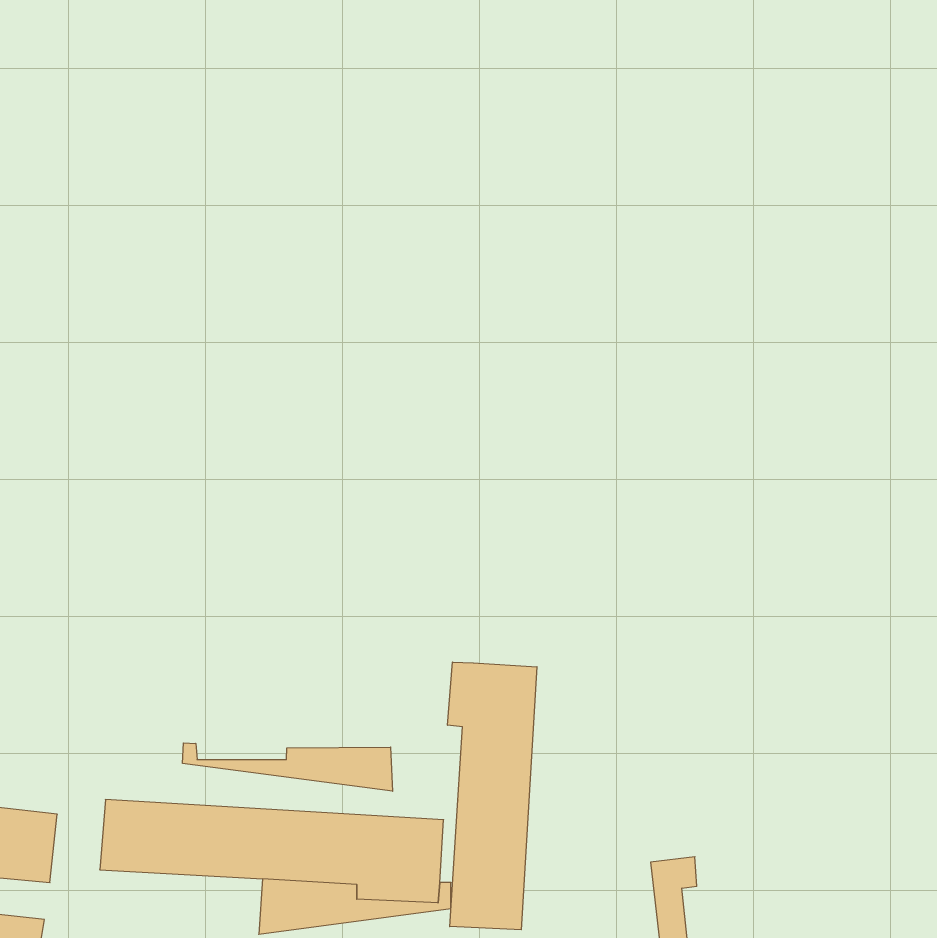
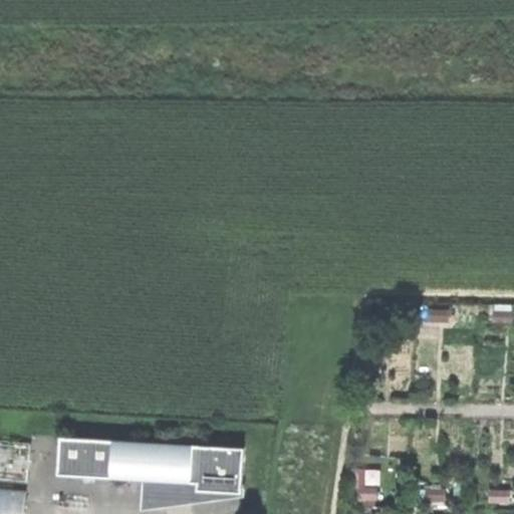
building: [448,662,537,930] -> none
building: [183,743,393,791] -> none

